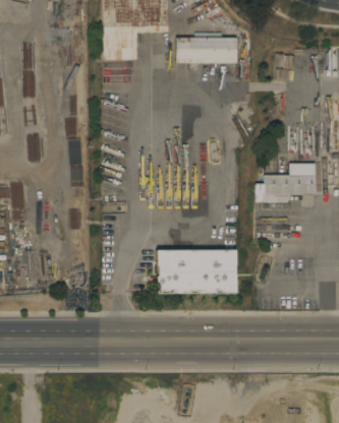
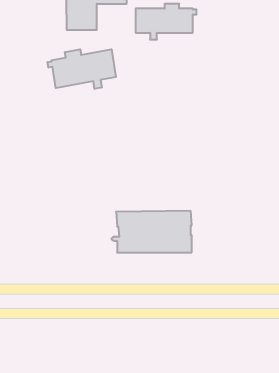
building: none -> [48,49,116,89]
building: [257,163,316,202] -> none

